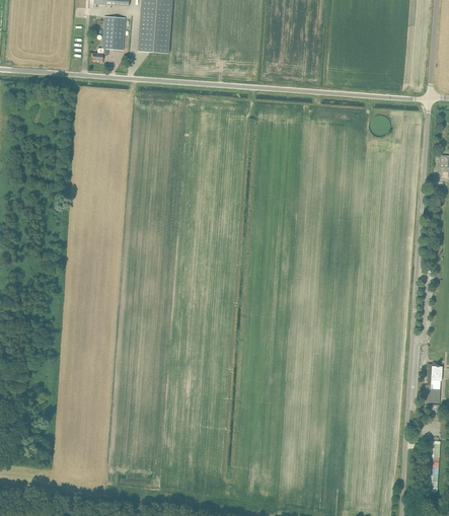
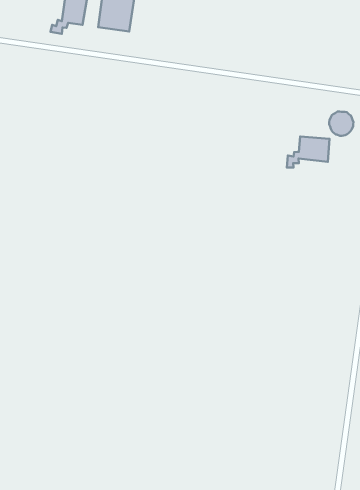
building: none -> [287,136,329,168]

